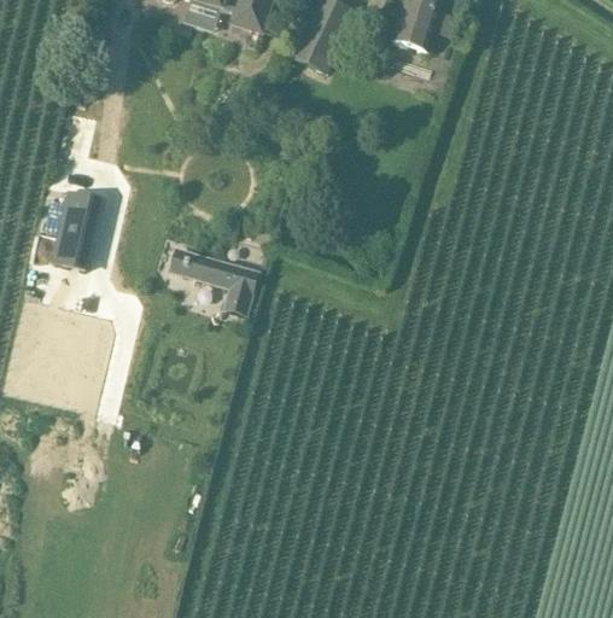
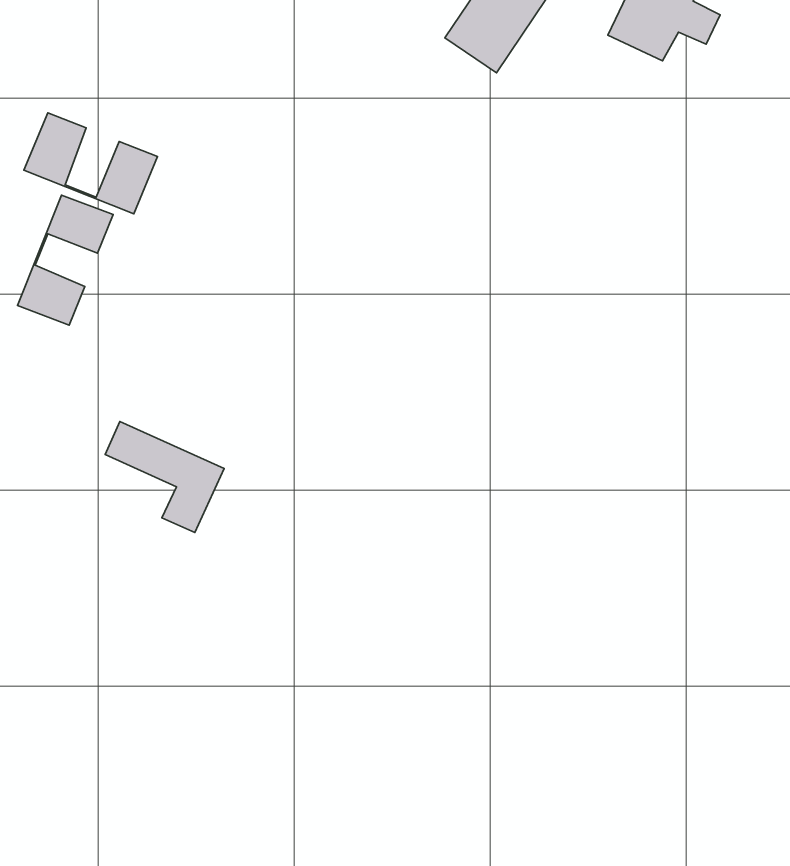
building: none -> [24,113,158,214]
building: [180,251,255,313] -> [105,422,224,533]

